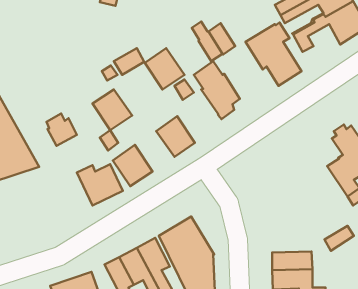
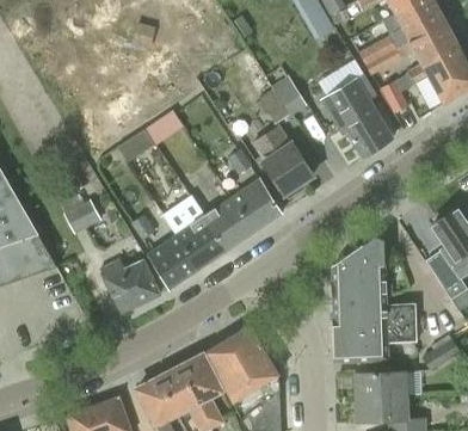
building: [145,48,185,90] -> [230,177,282,230]
building: [93,90,132,130] -> [176,215,227,267]
building: none -> [331,236,415,359]

